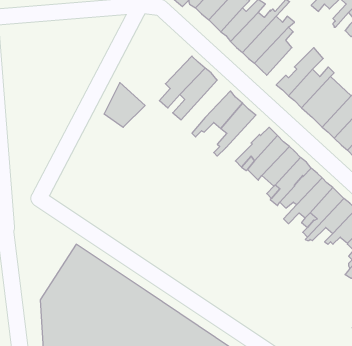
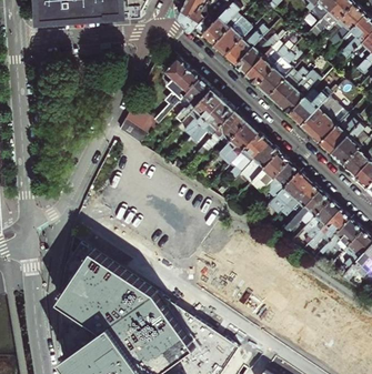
building: none -> [163,57,198,105]
building: none -> [267,65,306,103]
building: none -> [188,99,233,141]
building: none -> [224,131,269,181]

